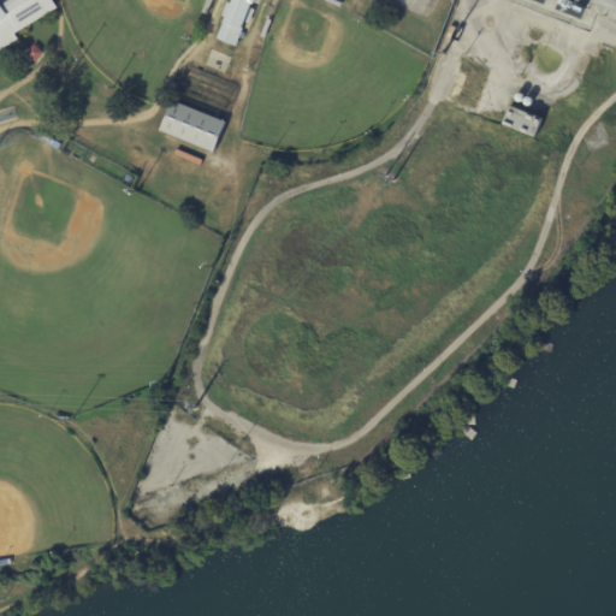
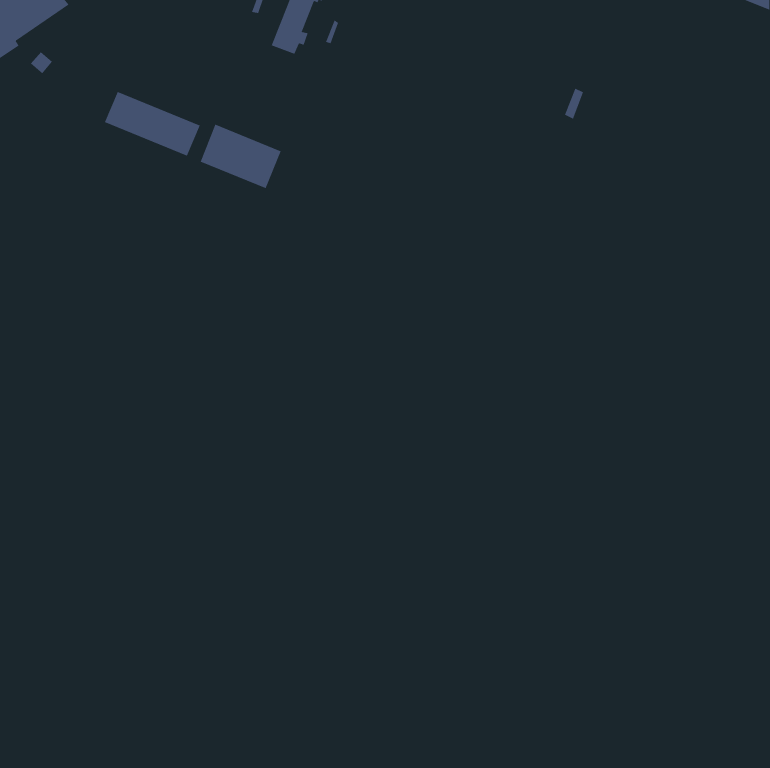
building: none -> [104,91,200,157]
building: [502,102,540,134] -> none

